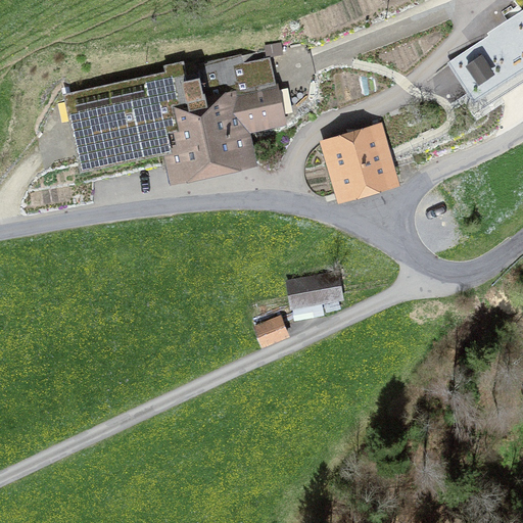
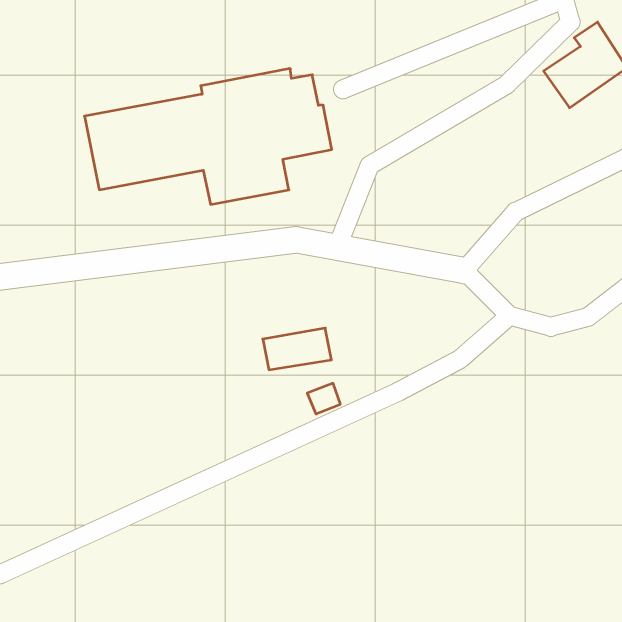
building: [334,140,387,195] -> none
building: [287,277,344,312] -> [263,328,331,370]

